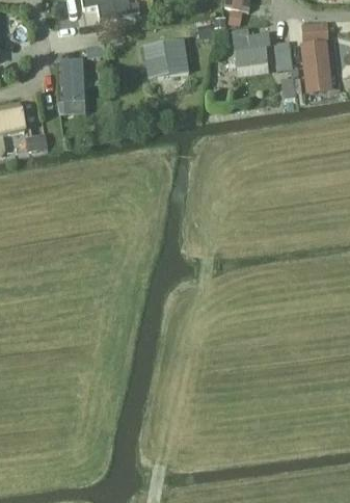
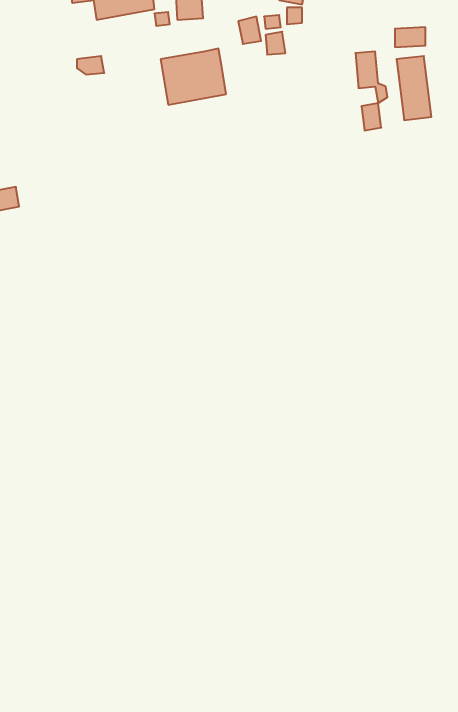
building: [232,29,270,65] -> none
building: [63,61,84,102] -> none

